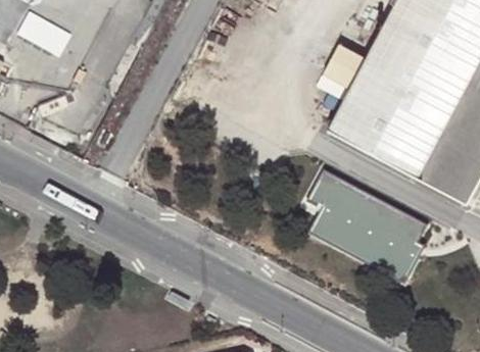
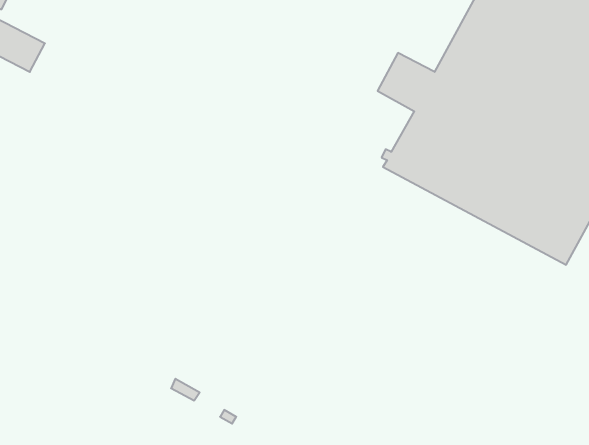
building: [302,171,424,284] -> none

